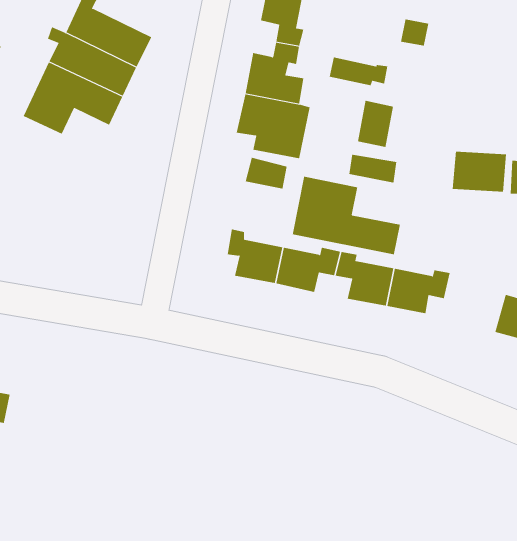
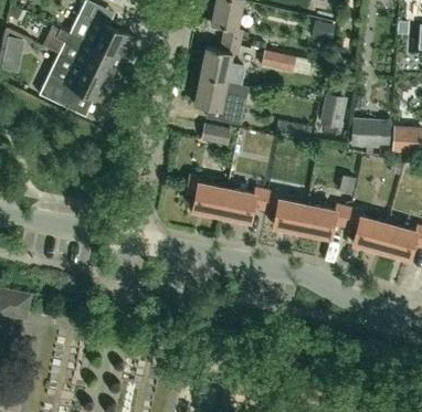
building: [357,100,394,147] -> [319,93,346,127]
building: [292,176,400,255] -> none
building: none -> [345,207,389,250]

